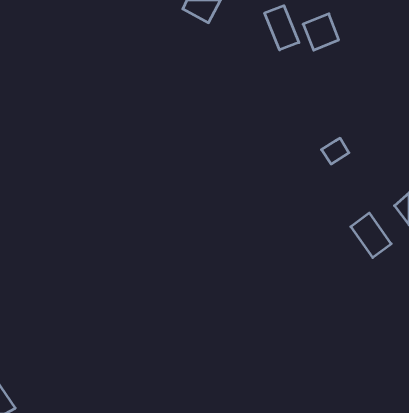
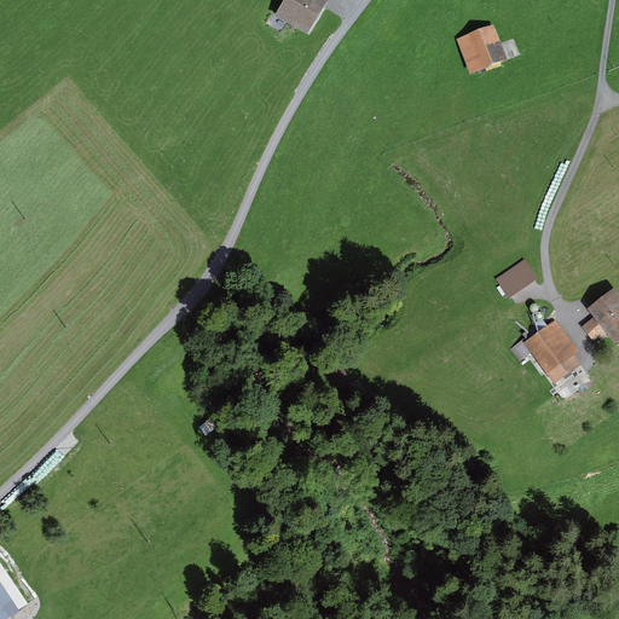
building: [265,6,299,50] -> none
building: [321,138,349,164] -> [496,256,537,295]

